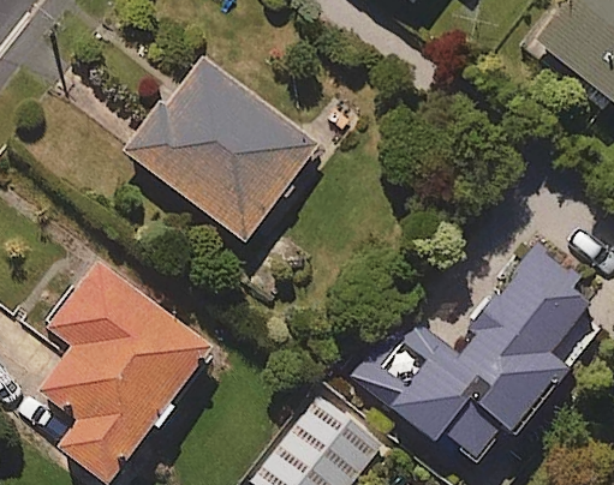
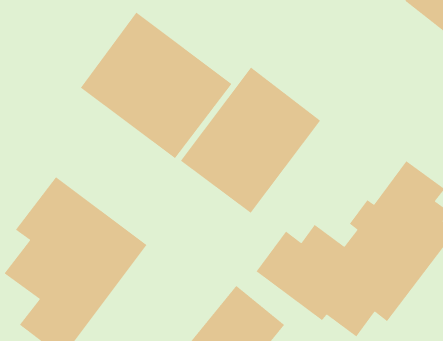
building: none -> [180,66,321,214]

